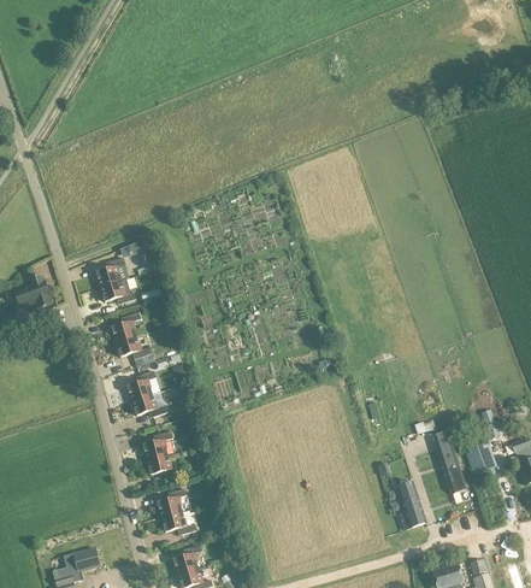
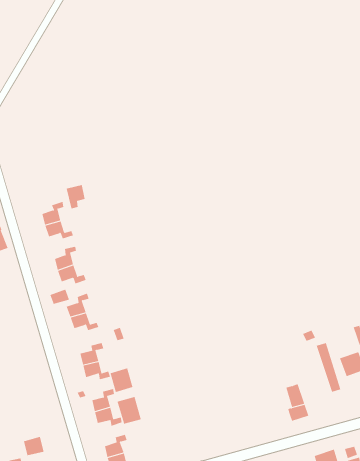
building: none -> [110,368,133,393]
building: none -> [117,396,142,425]

